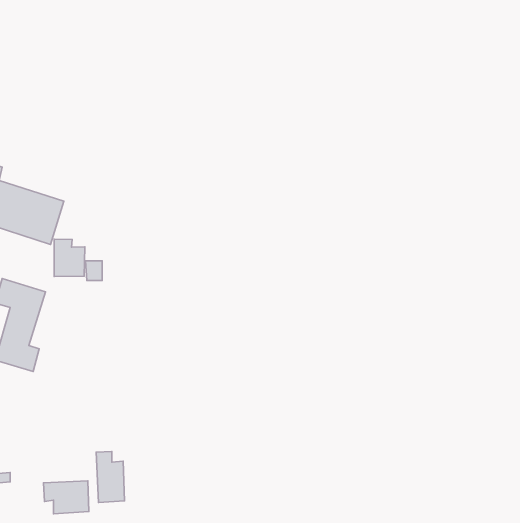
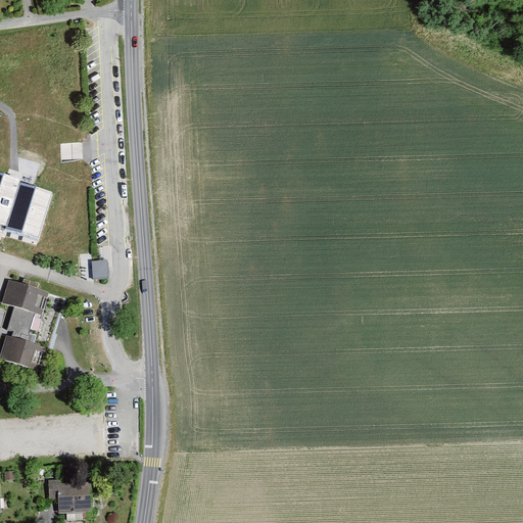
building: [54,239,85,276] -> none
building: [96,452,125,503] -> none

